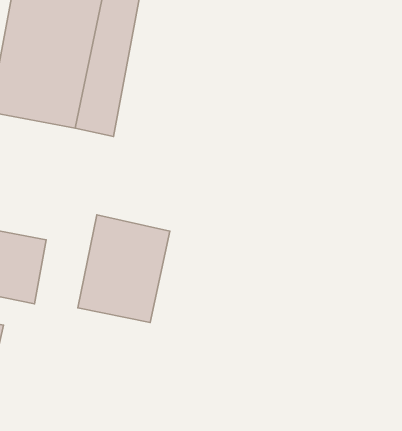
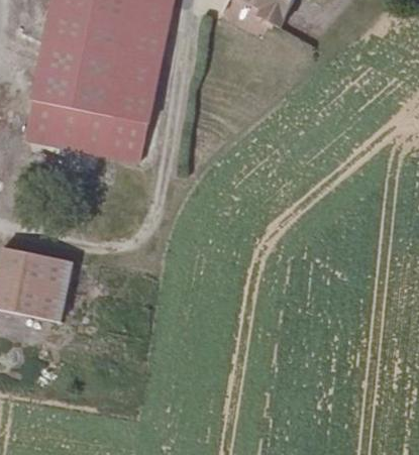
building: [78,215,170,323] -> none

